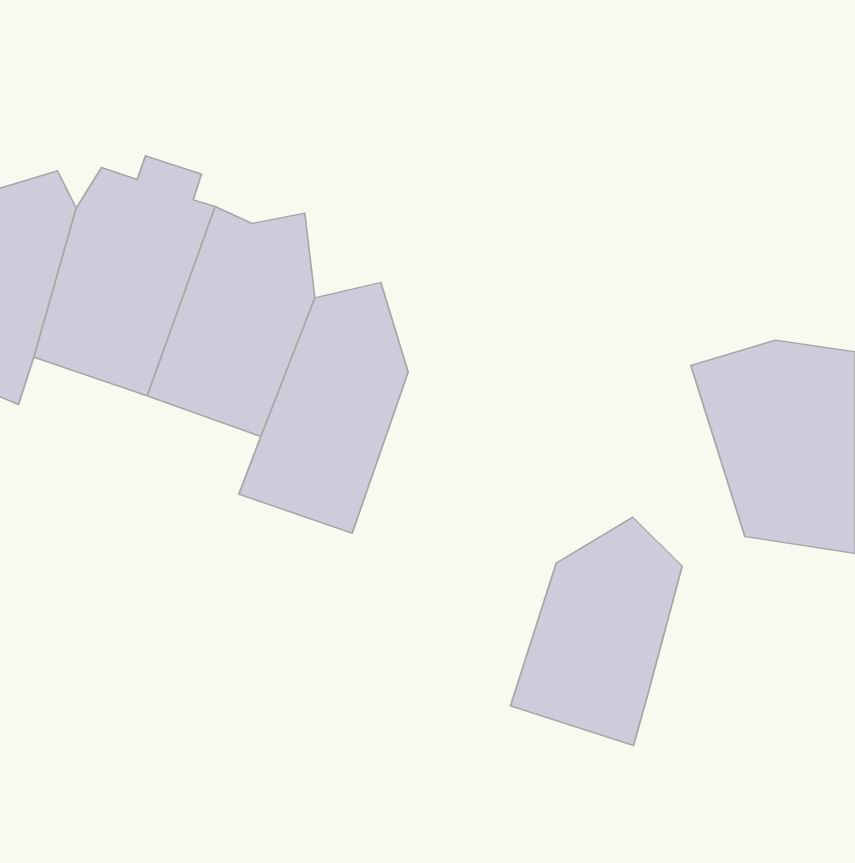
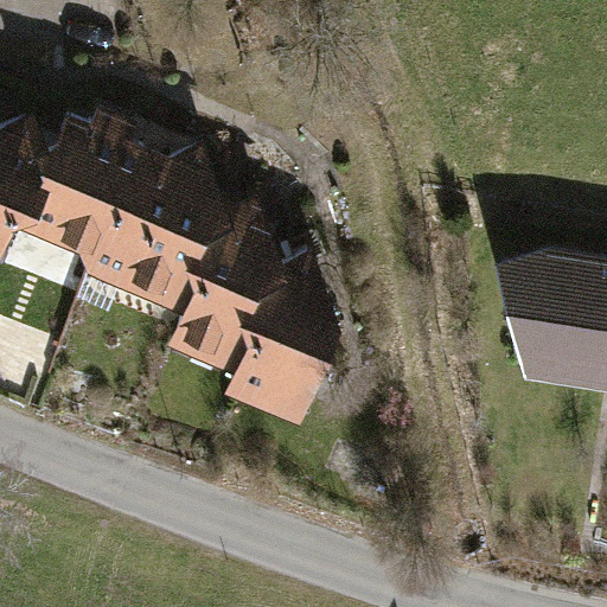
building: none -> [238,254,346,428]
building: [511,517,682,745] -> none

